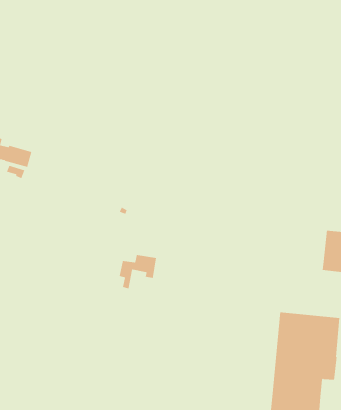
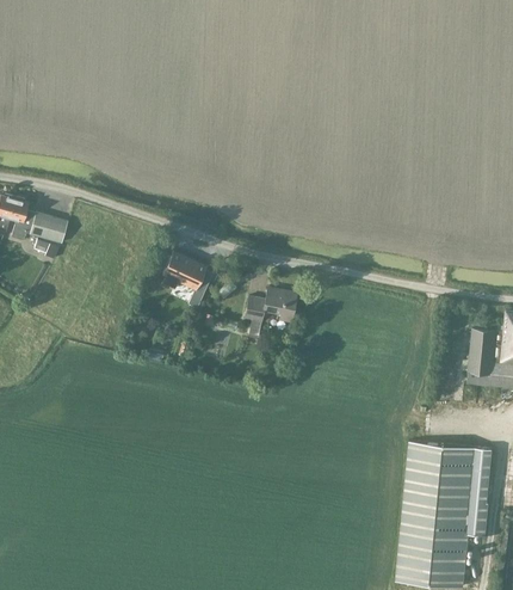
building: none -> [161,251,206,289]
building: [119,254,157,289] -> [245,288,297,336]

